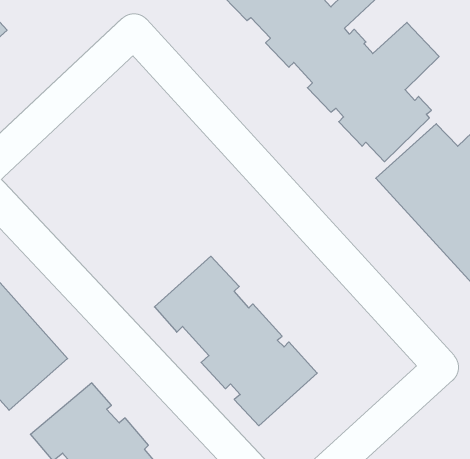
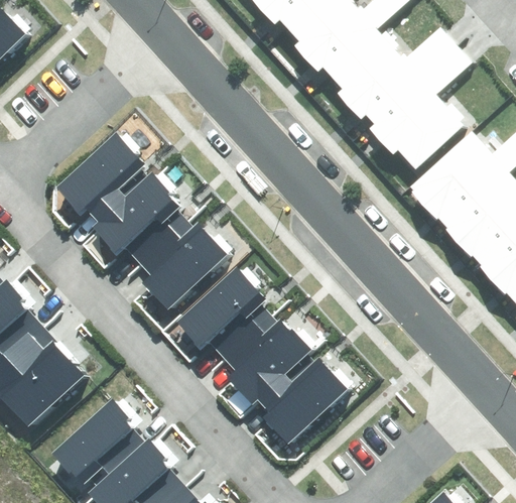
building: none -> [56,134,227,309]

